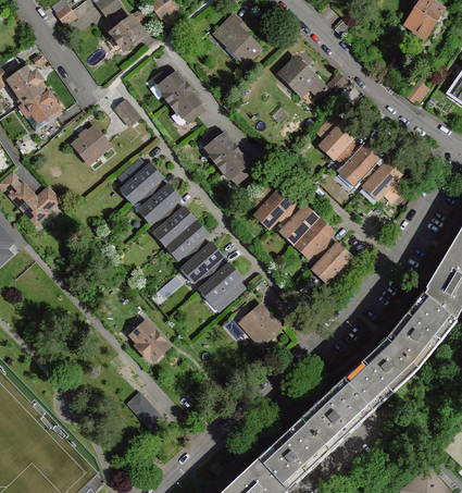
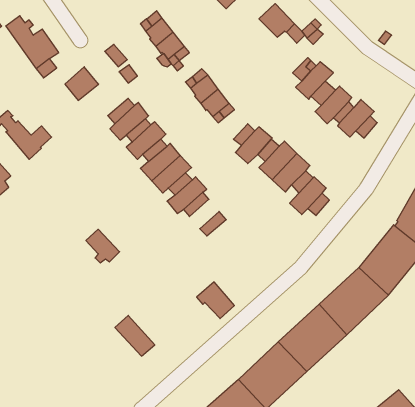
building: [199,262,241,301] -> none
building: [240,304,280,343] -> [197,282,234,319]
building: [132,321,167,357] -> [86,229,120,263]

